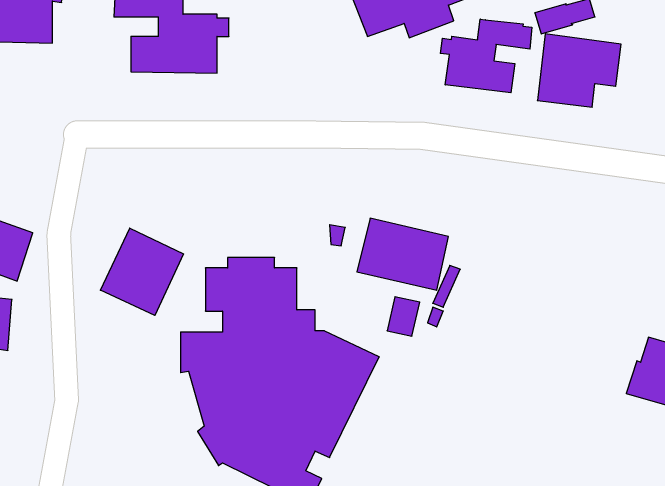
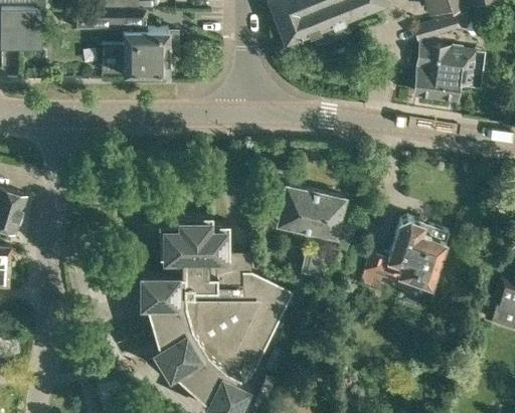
building: [440,19,532,93] -> none
building: [100,228,184,315] -> none
building: none -> [359,218,449,291]

